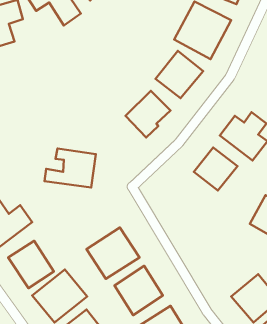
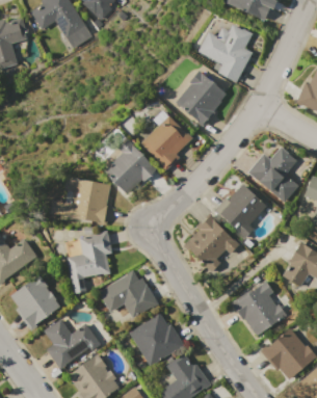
building: none -> [104,141,155,195]
building: none -> [184,213,238,267]
building: none -> [63,233,118,287]
building: none -> [234,277,287,330]

